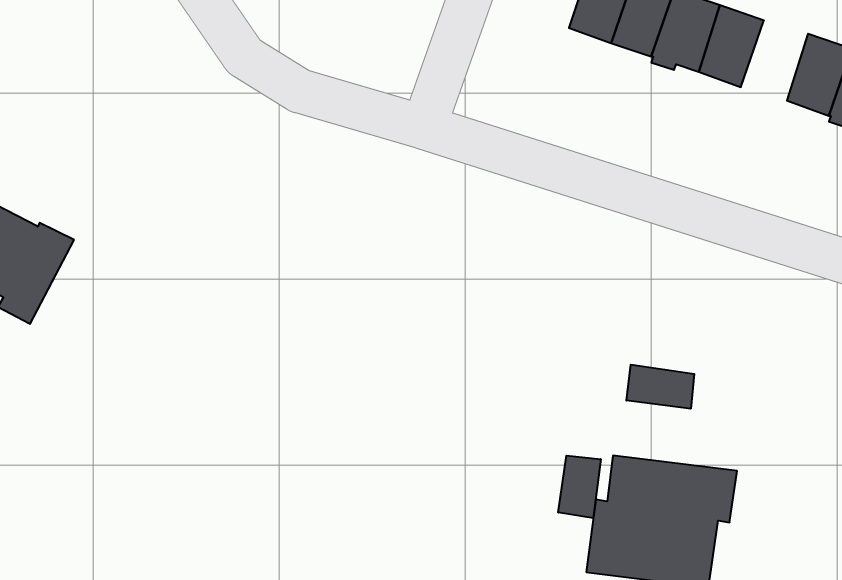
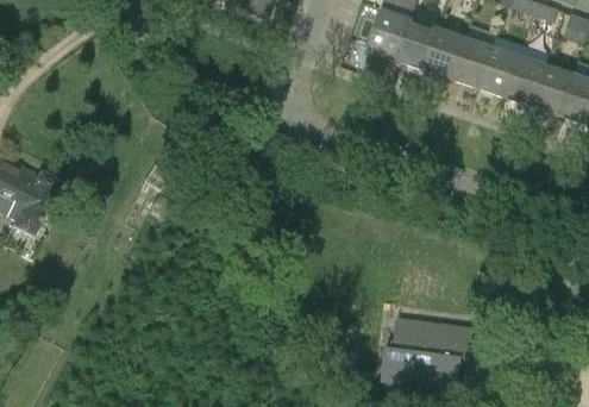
building: none -> [476,45,518,95]
building: [626,365,694,409] -> none
building: [558,456,601,518] -> none

